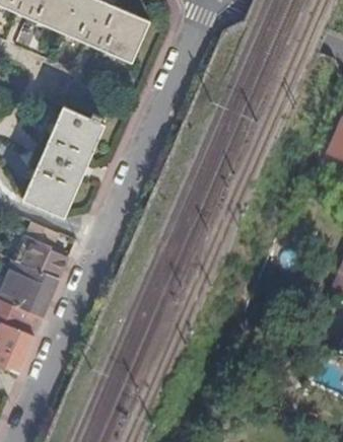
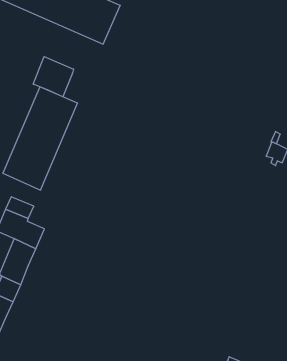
building: none -> [33,57,74,97]

